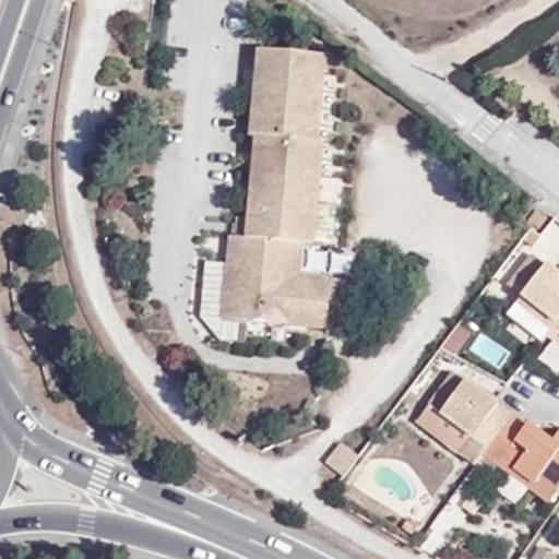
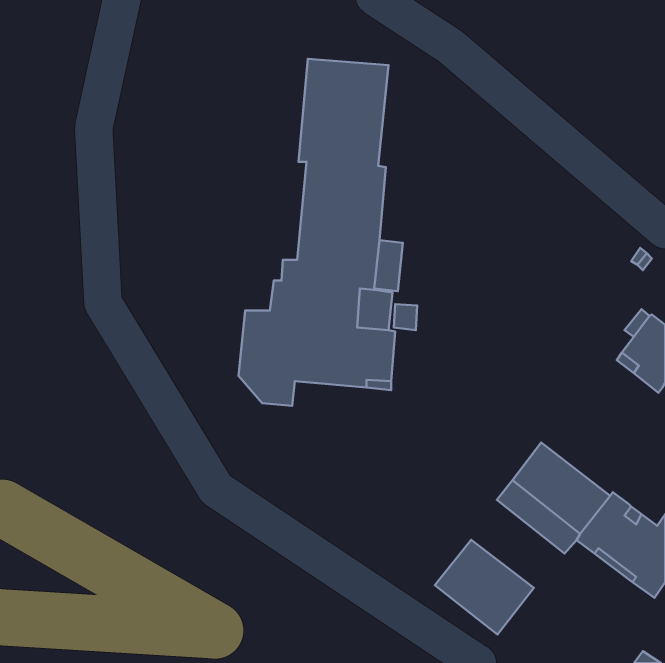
building: none -> [435,540,534,635]

